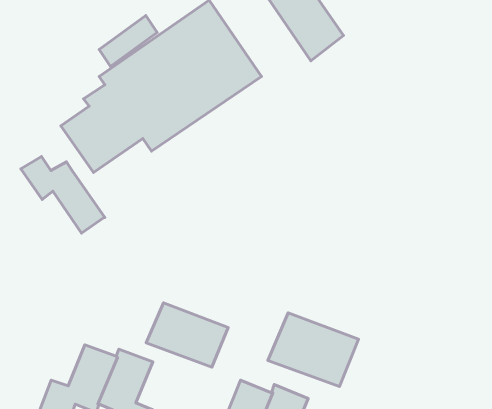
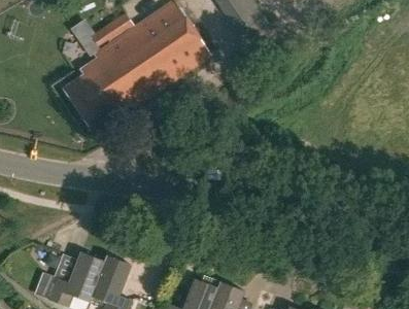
building: [21,157,105,233] -> none
building: [146,303,228,367] -> none
building: [268,313,358,386] -> none

